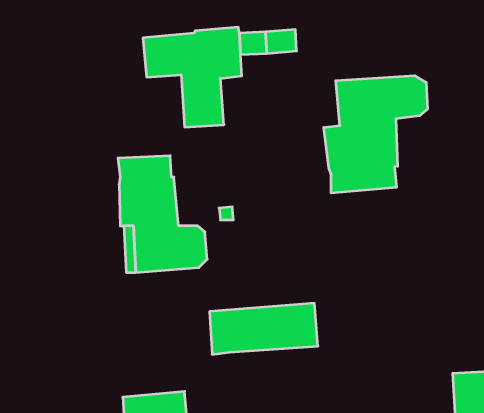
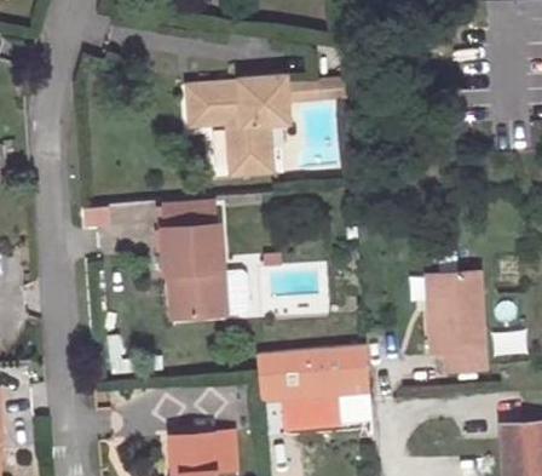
building: [324,76,427,193] -> none
building: none -> [426,271,488,372]
building: none -> [279,396,336,430]

